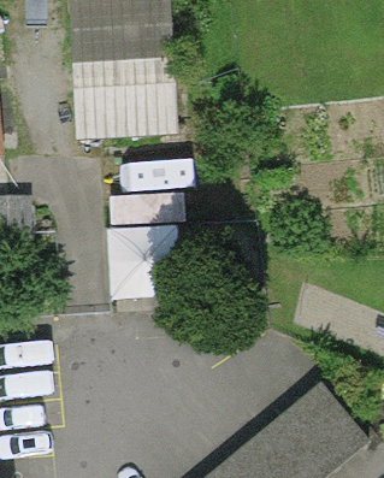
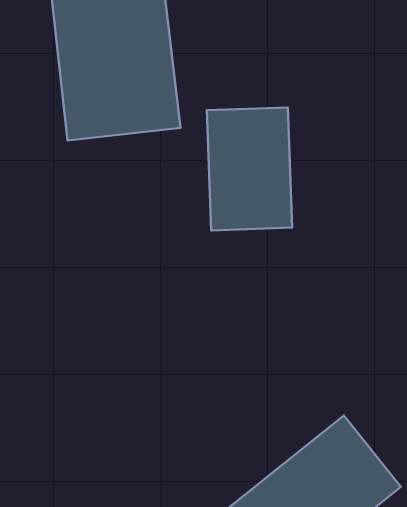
building: [114,173,188,279] -> [207,108,292,230]

